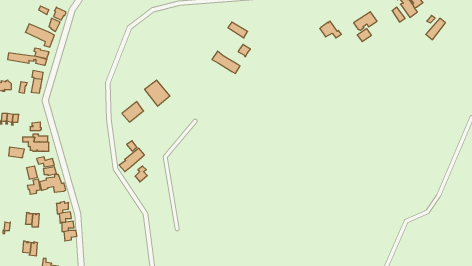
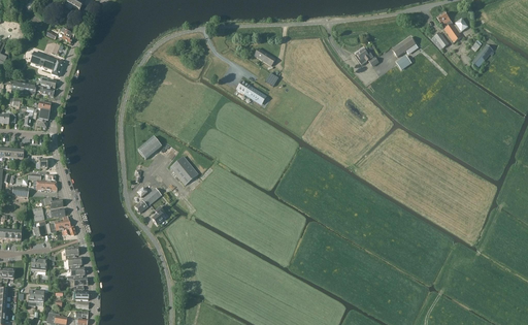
building: [145,80,170,106] -> [170,156,198,185]

